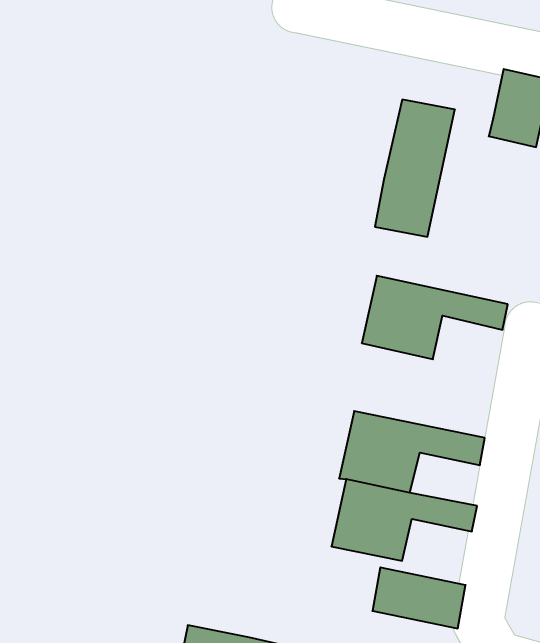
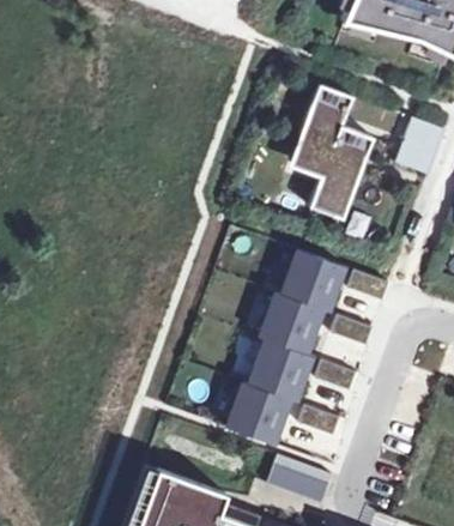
building: none -> [285,84,349,180]
building: none -> [271,289,373,350]

